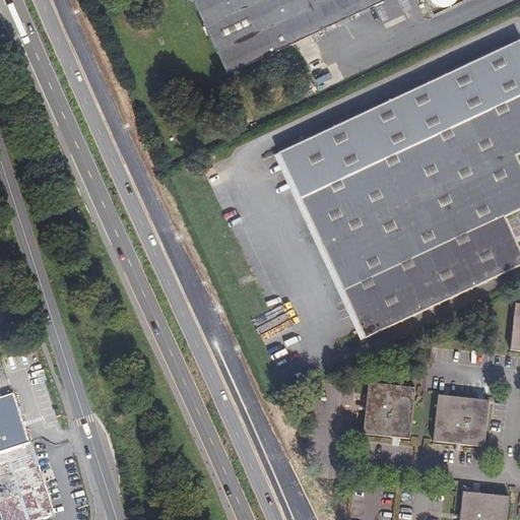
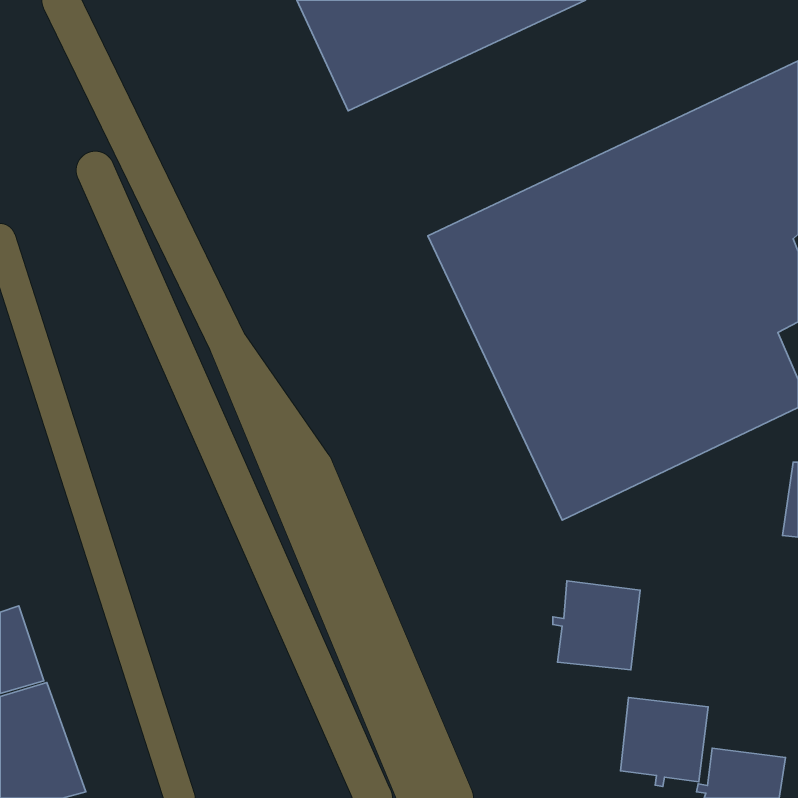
building: [434,391,491,449] -> [621,698,708,787]

